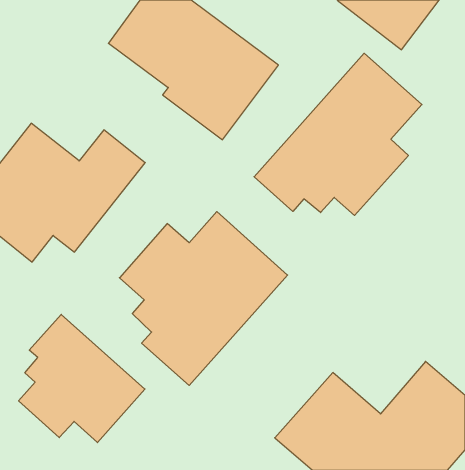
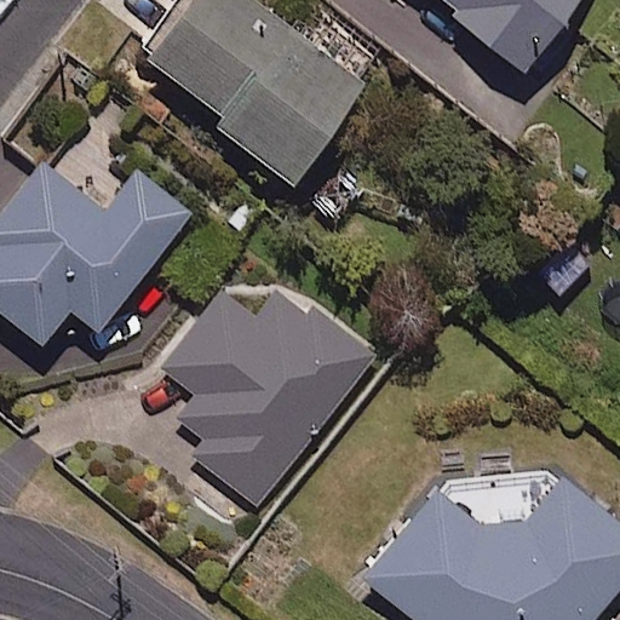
building: [254,53,422,215] -> none
building: [19,314,145,443] -> none

